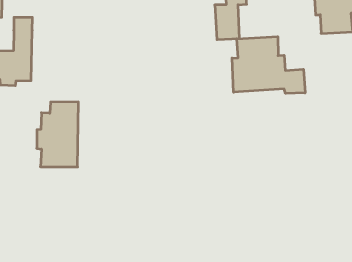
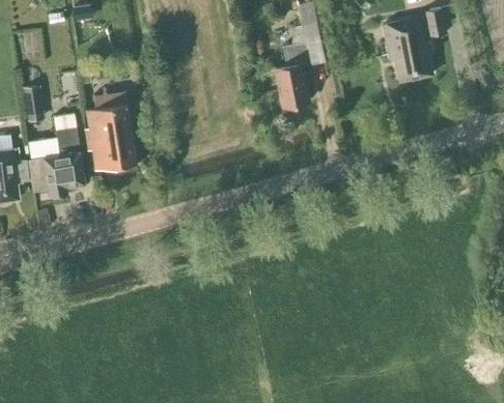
building: [232,37,305,93] -> none
building: [37,102,78,167] -> [84,92,136,171]

